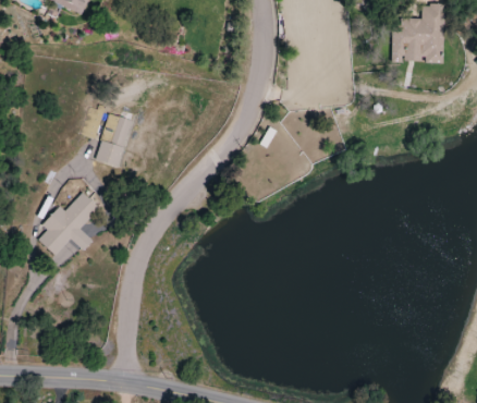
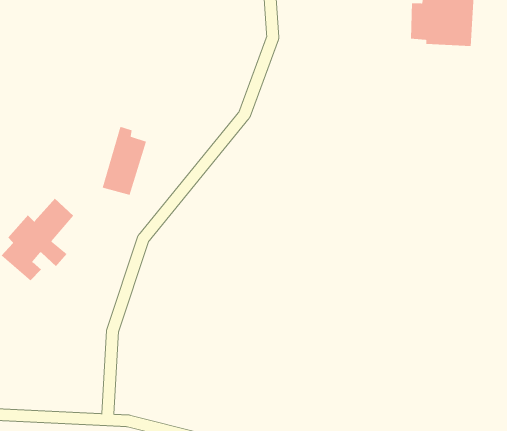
building: [96,108,134,167] -> [102,126,147,195]

